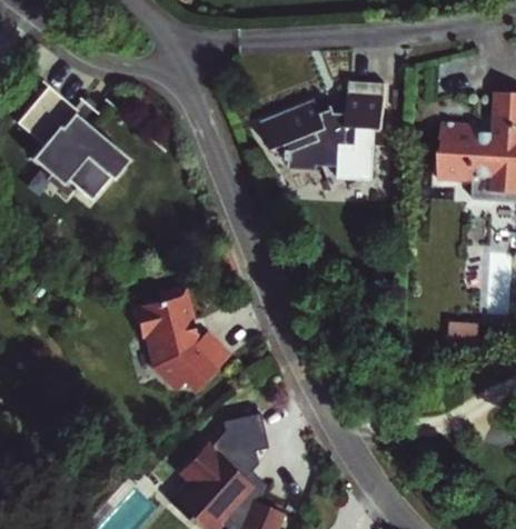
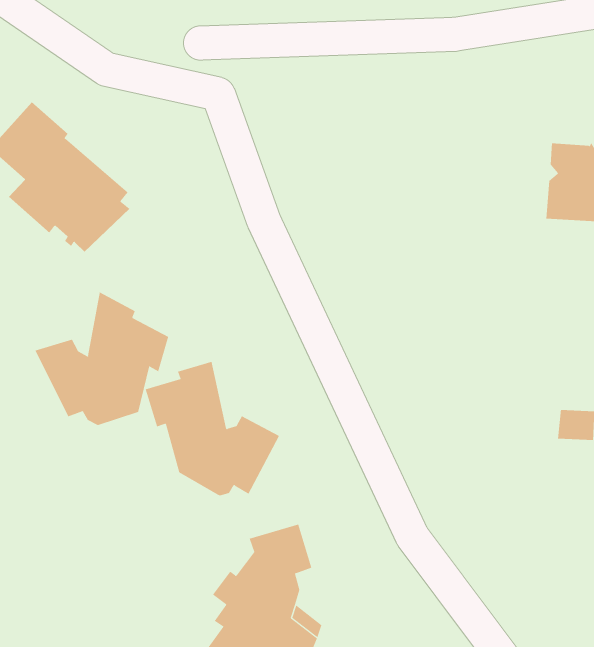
building: [248,72,370,169] -> none
building: none -> [35,292,169,426]

